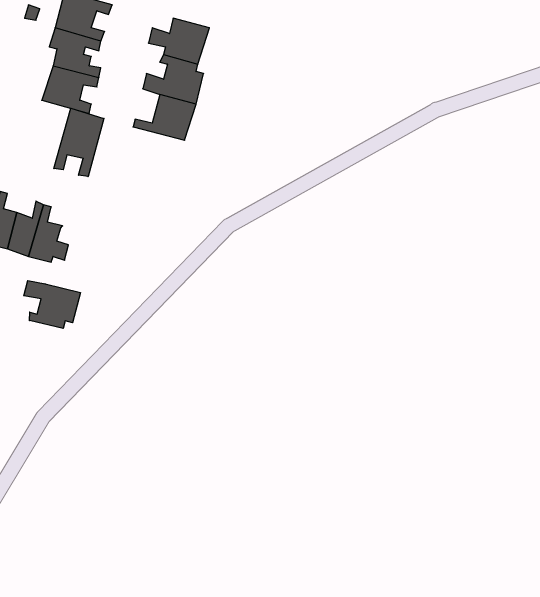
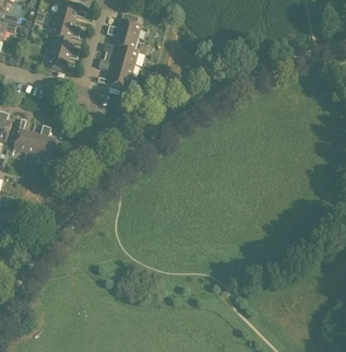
building: [54,108,104,177] -> none
building: [24,281,80,328] -> none

